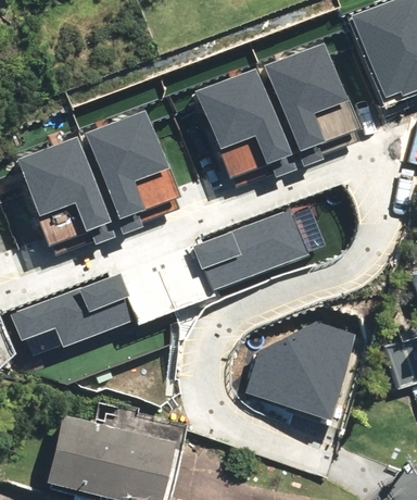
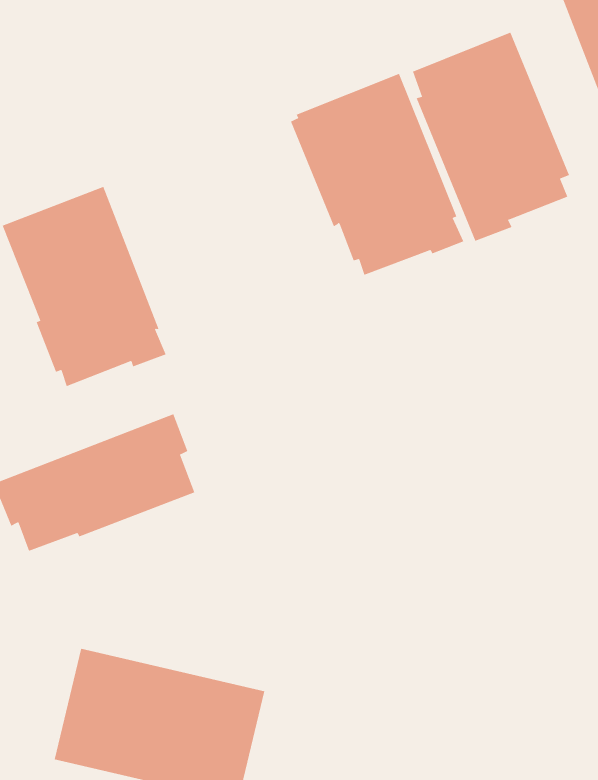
building: [85,110,178,236] -> none
building: [191,208,308,292] -> none
building: [244,322,356,418] -> none

